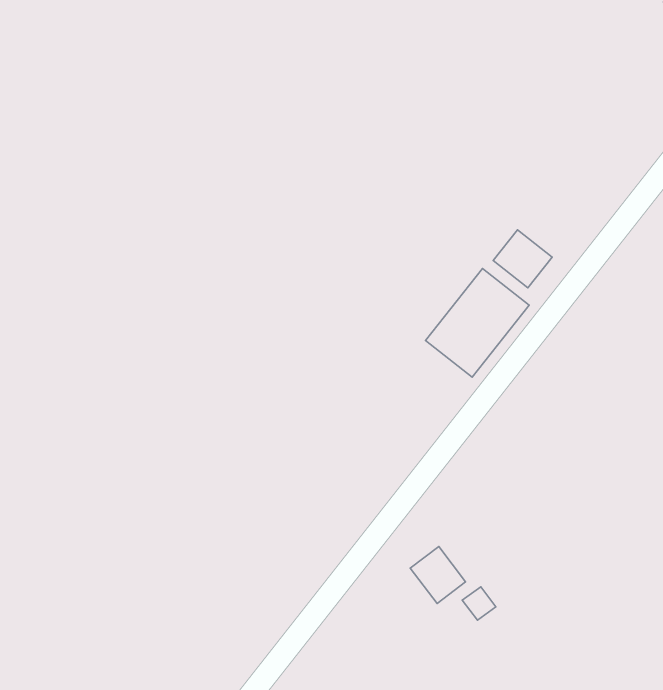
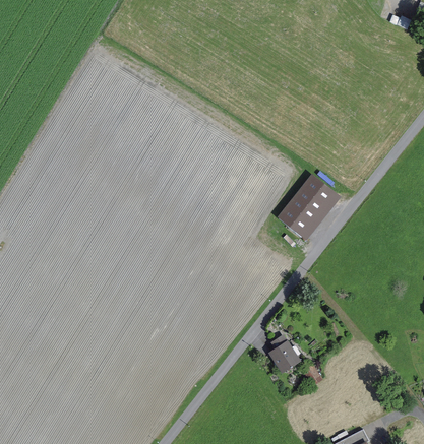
building: [493,230,552,288] -> none

